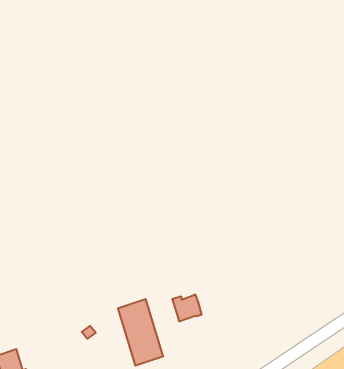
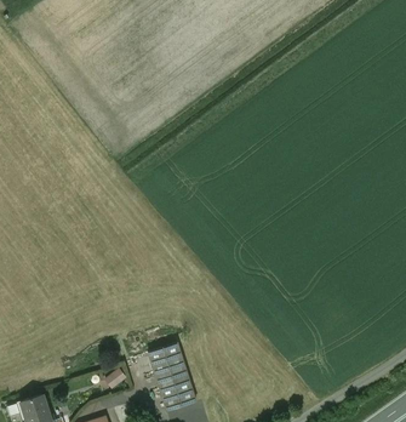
building: [172,294,202,321] -> none

